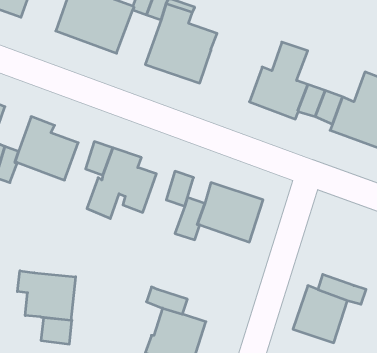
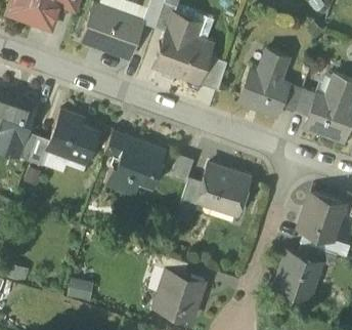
building: none -> [199,57,227,90]
building: none -> [292,192,338,239]
building: [17,271,76,320] -> none

